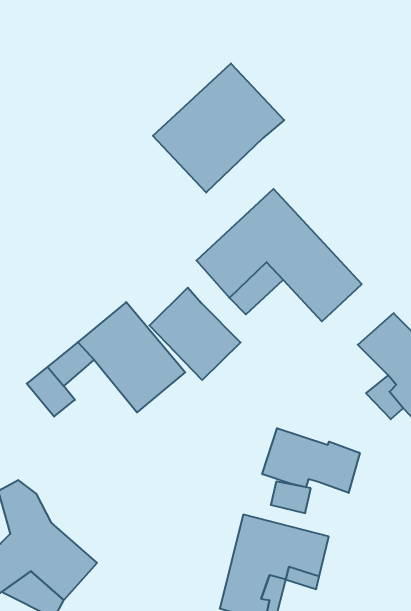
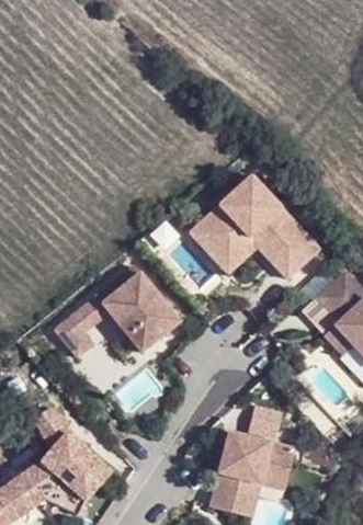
building: [153,63,284,193] -> none
building: [149,288,241,380] -> none
building: [262,428,360,493] -> none

